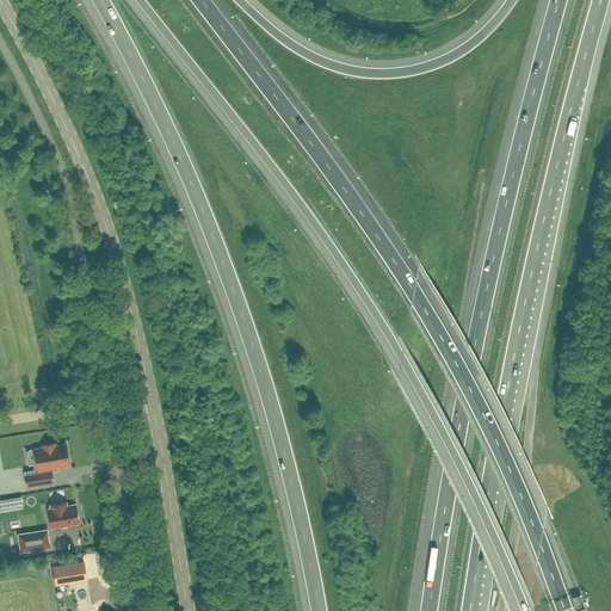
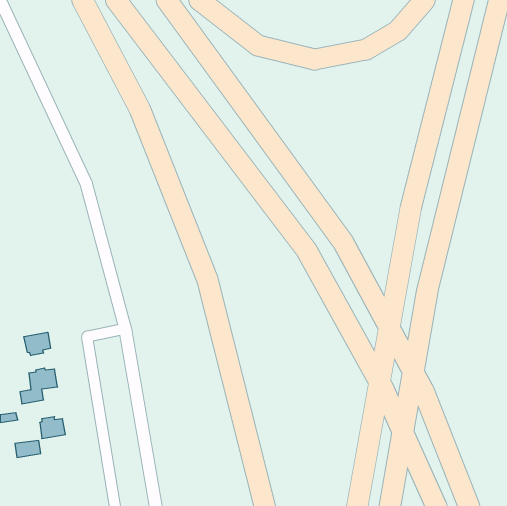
building: none -> [24,332,50,356]
building: [53,563,86,584] -> none

